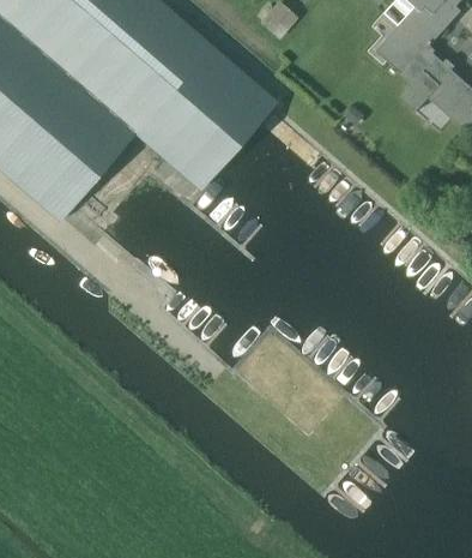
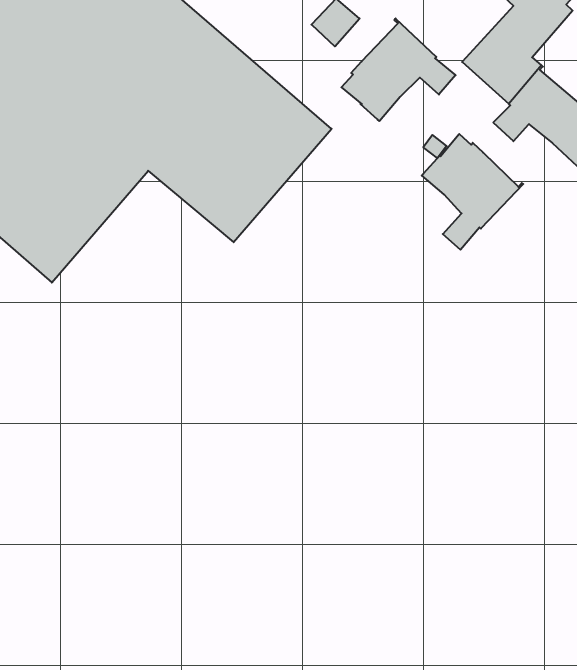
building: none -> [341,18,456,121]
building: none -> [422,134,523,250]

